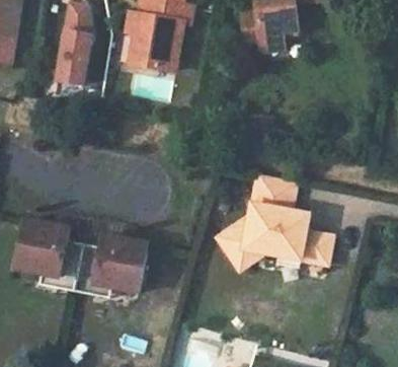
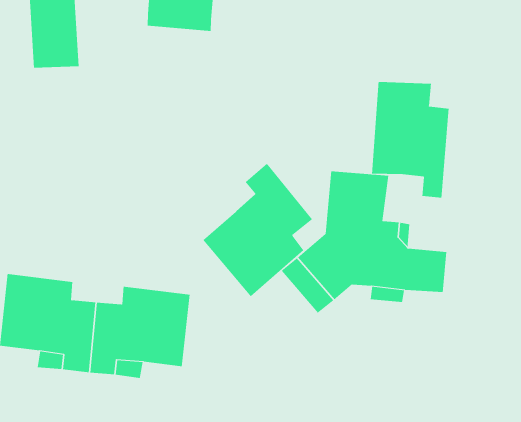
building: none -> [372,81,449,199]
building: none -> [203,163,313,297]

